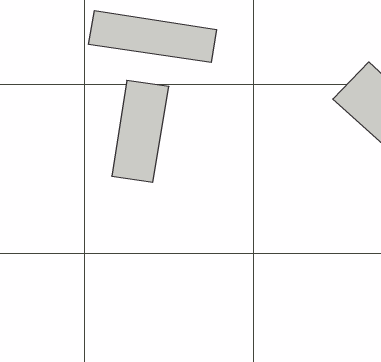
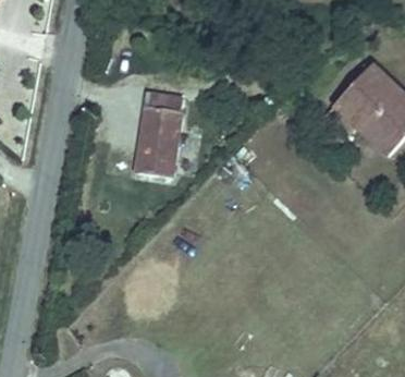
building: [89,11,217,62] -> none

